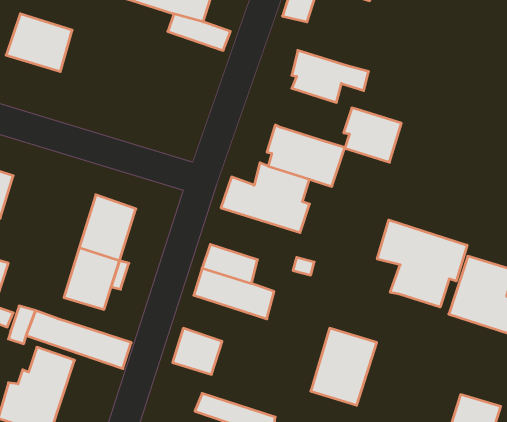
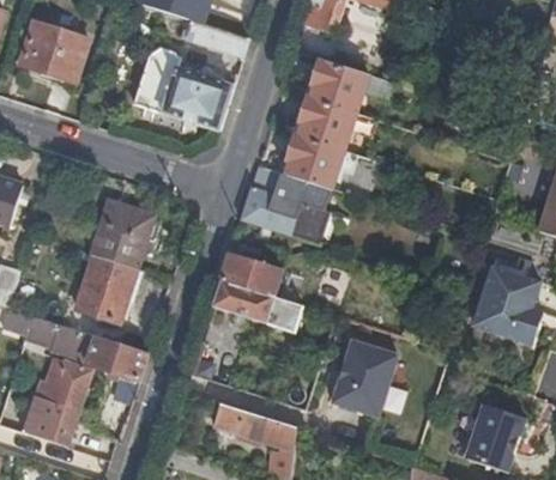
building: none -> [134,50,234,132]
building: [344,108,401,162] -> [298,95,357,150]
building: [377,220,467,307] -> none

